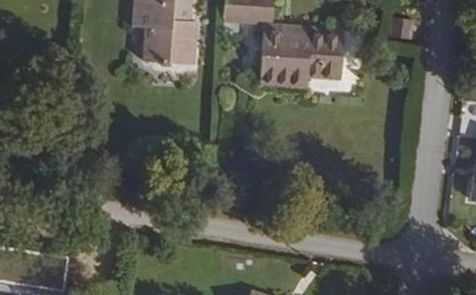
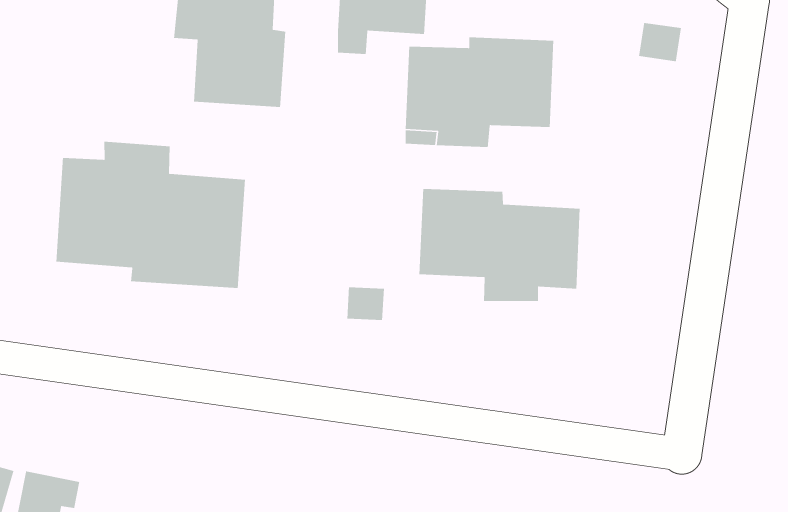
building: none -> [55,141,246,289]
building: none -> [418,188,580,302]

